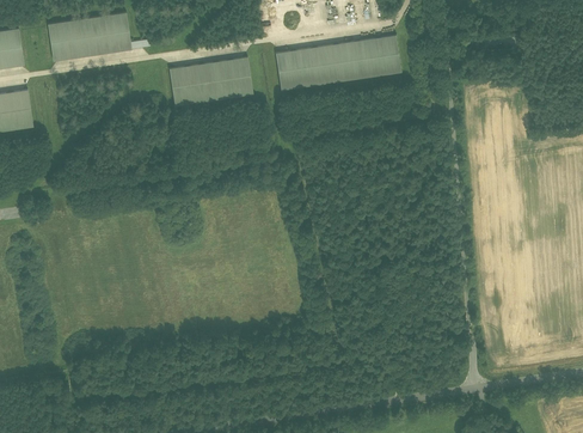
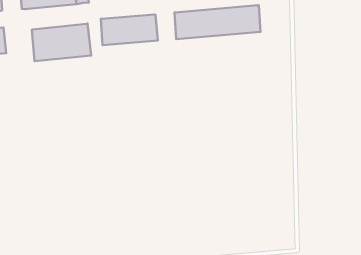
building: none -> [32,23,91,61]

